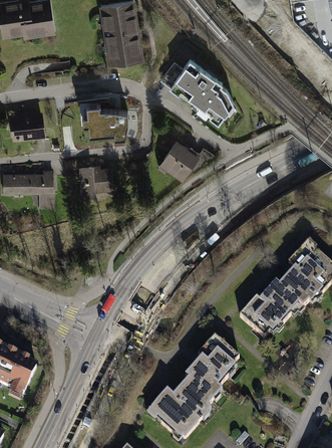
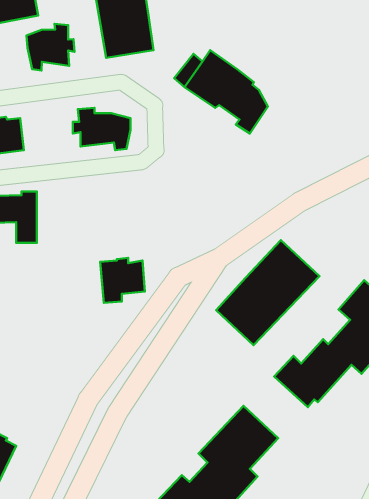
building: none -> [26,24,74,70]
building: [158,138,200,179] -> none
building: [78,163,113,198] -> [100,258,145,303]
building: none -> [216,240,319,345]

